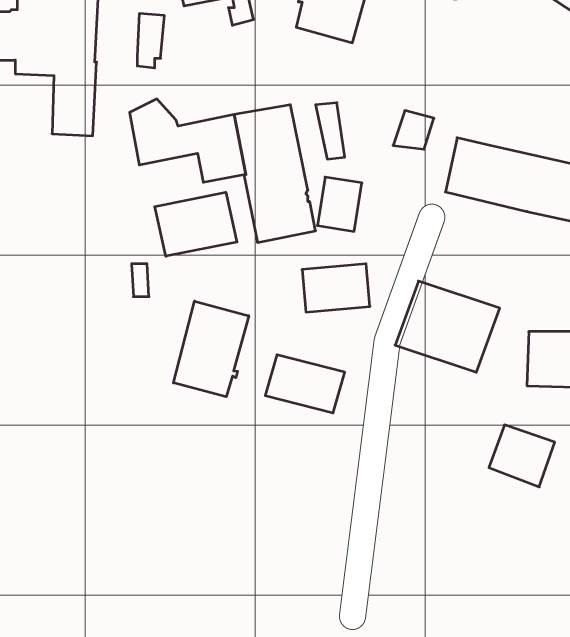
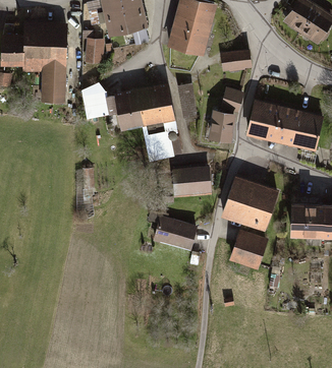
building: none -> [221,51,251,70]
building: [317,177,362,231] -> [210,111,233,139]
building: [155,192,237,256] -> none
building: [173,301,249,397] -> none
building: [489,425,555,487] -> [231,233,266,265]

